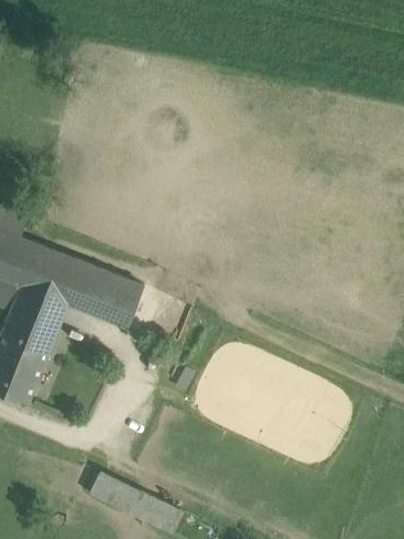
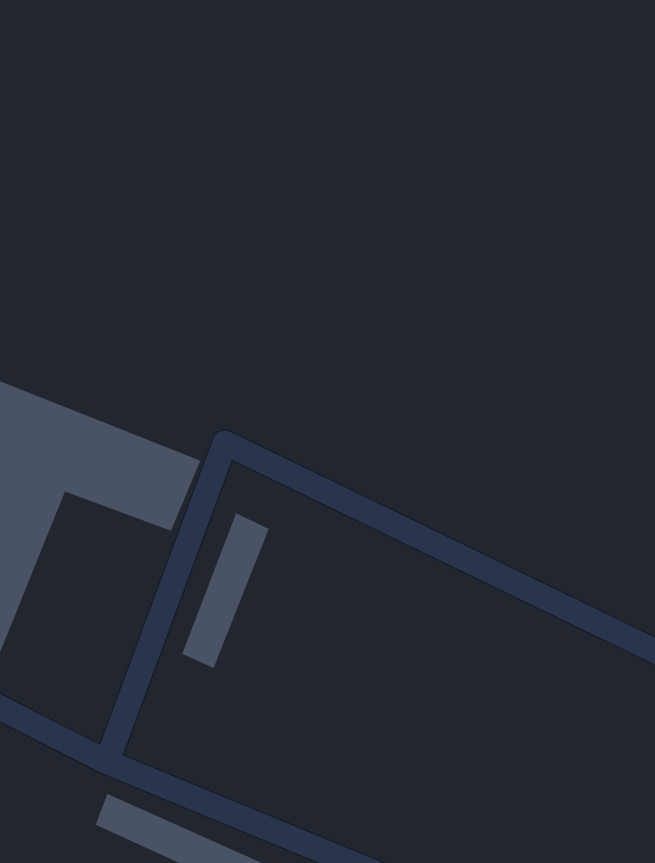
building: none -> [182,513,269,669]

